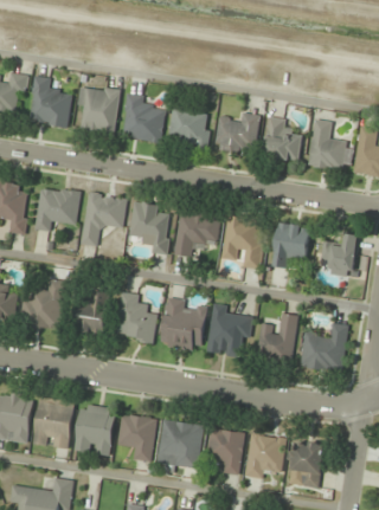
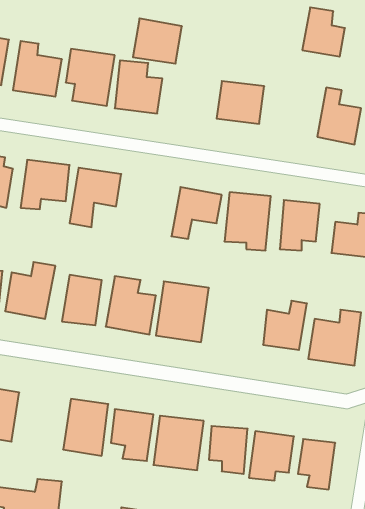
building: [167,106,212,148] -> [133,18,182,64]
building: [262,117,301,162] -> [302,7,345,57]
building: [128,201,172,256] -> none
building: [205,306,251,360] -> none
building: [32,399,75,450] -> none

